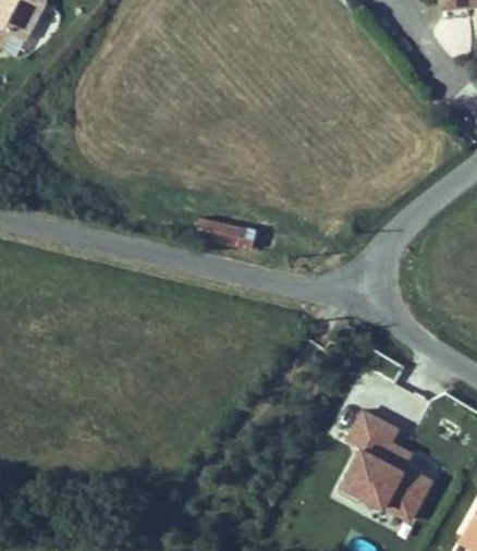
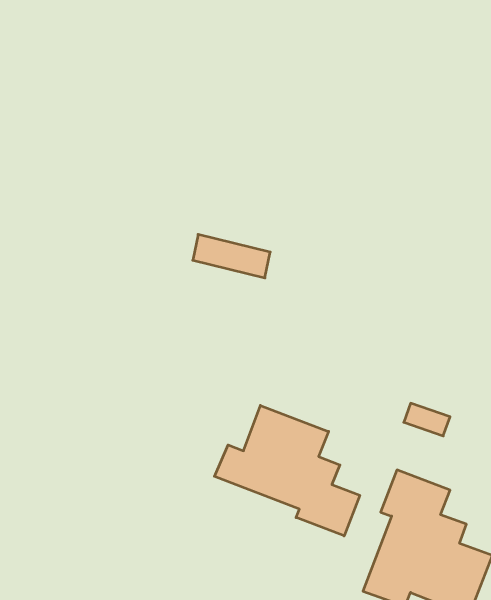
building: none -> [214,405,360,536]

